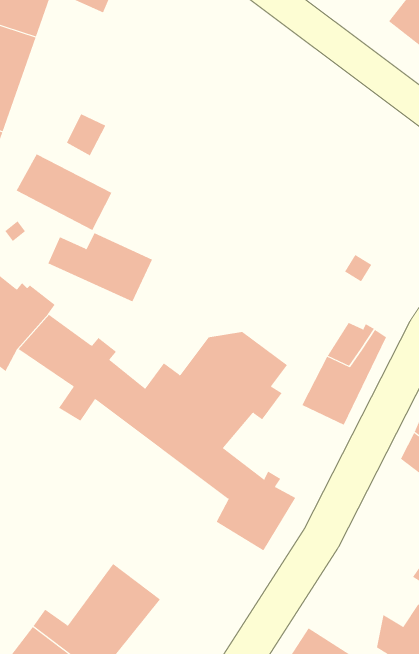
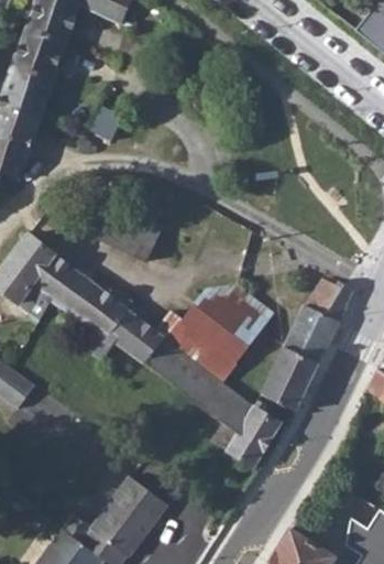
building: [16,153,112,231] -> none
building: none -> [261,346,319,411]

